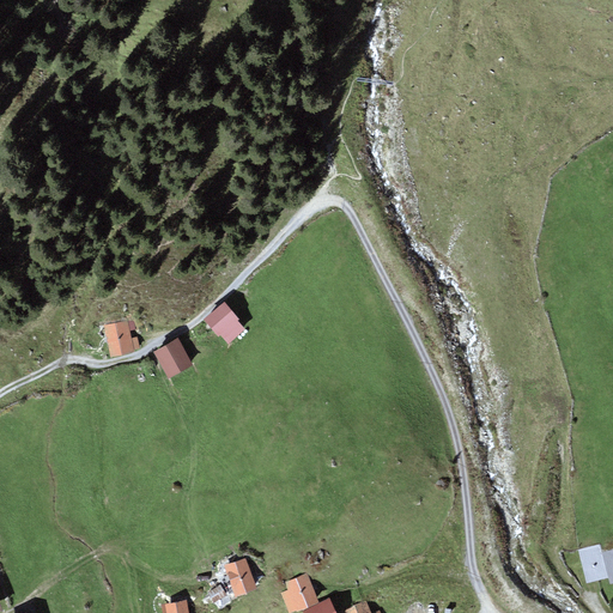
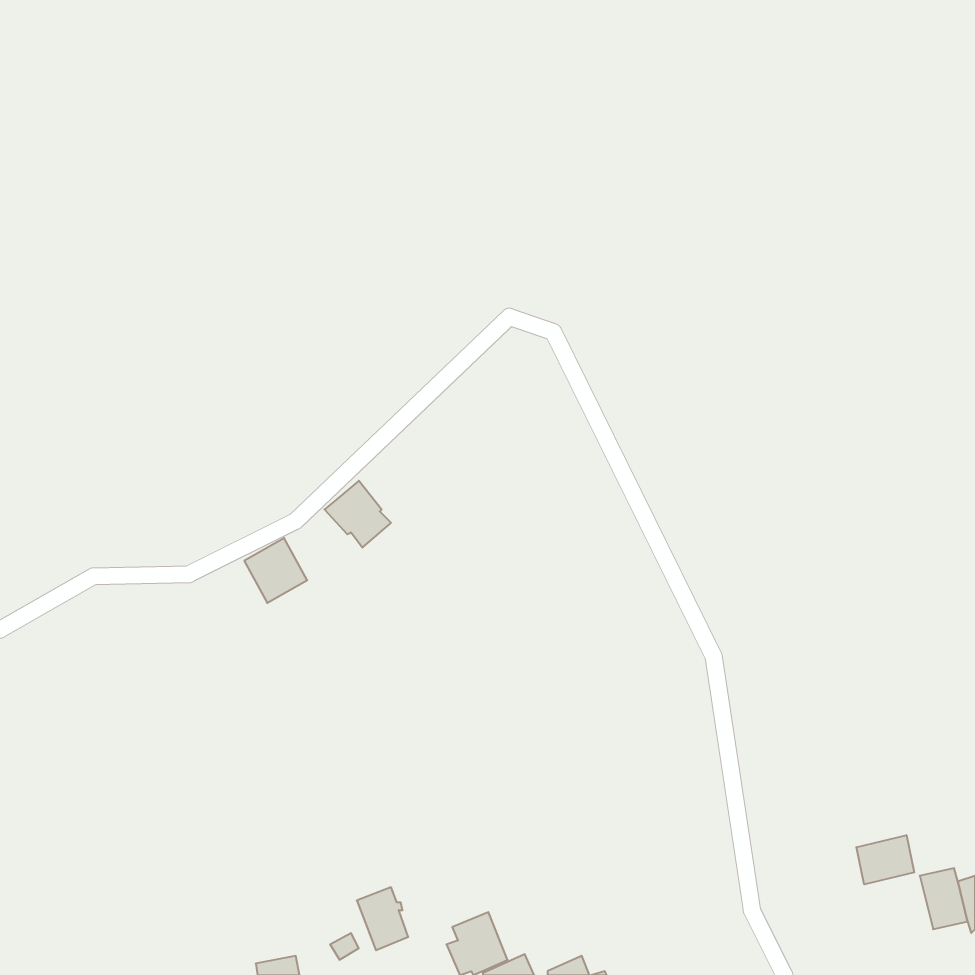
building: [104,321,139,357] -> none
building: none -> [856,835,914,884]

